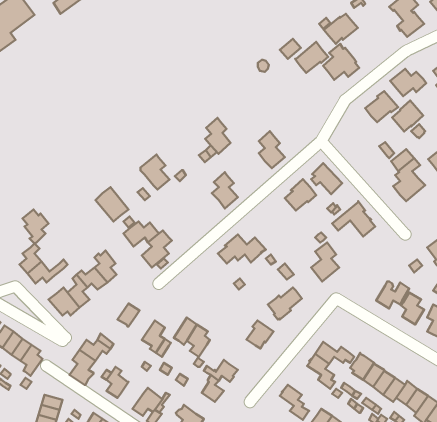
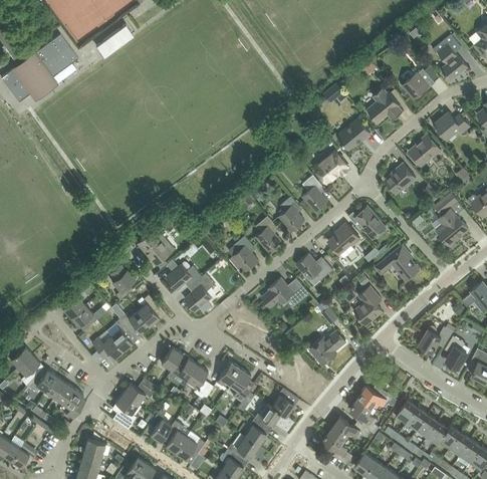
building: [324,14,358,44] -> [402,69,436,99]
building: [295,42,328,73] -> [337,118,371,150]
building: [392,101,423,132] -> [385,163,416,194]
building: none -> [314,151,349,183]
building: [205,118,230,154] -> [279,196,304,232]
building: [140,154,170,189] -> [229,236,258,271]
building: [22,209,48,243] -> [109,265,136,299]
building: none -> [296,254,333,286]
building: none -> [168,357,198,384]
building: [247,320,274,348] -> [272,389,299,417]
building: none -> [331,417,370,439]
building: none -> [164,421,187,453]
building: none -> [227,433,258,459]

